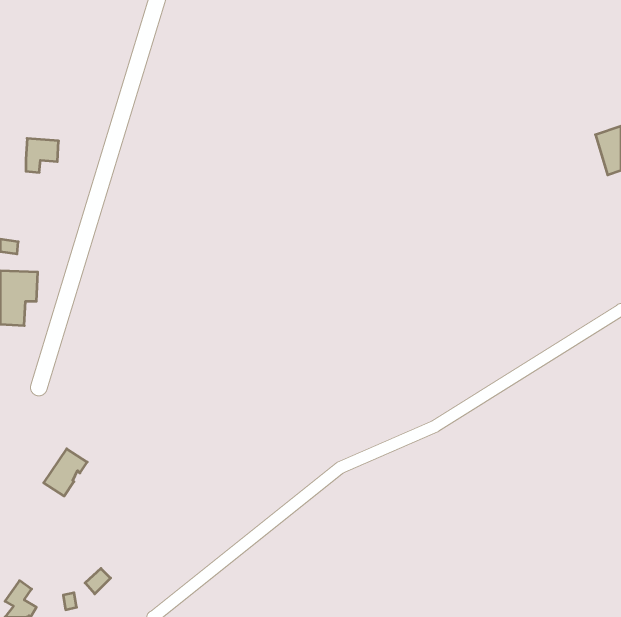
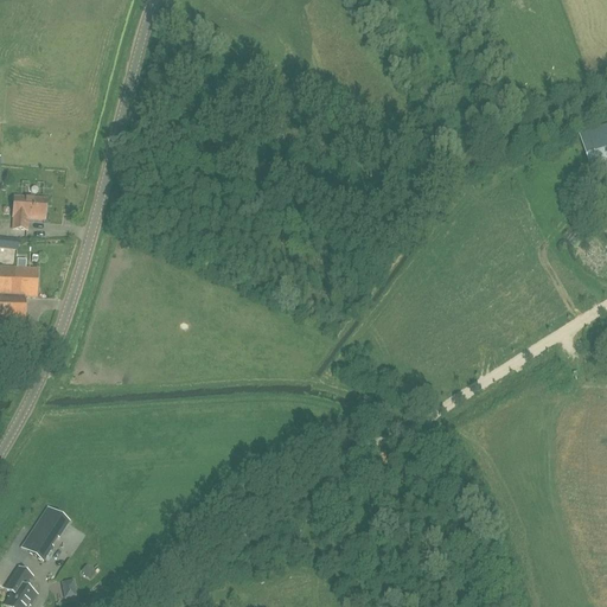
building: [26,138,59,172] -> [13,194,45,228]
building: [44,449,87,496] -> [21,512,64,558]

